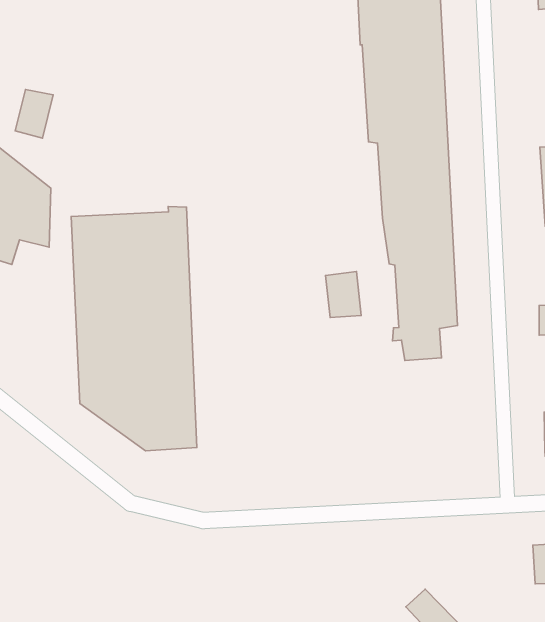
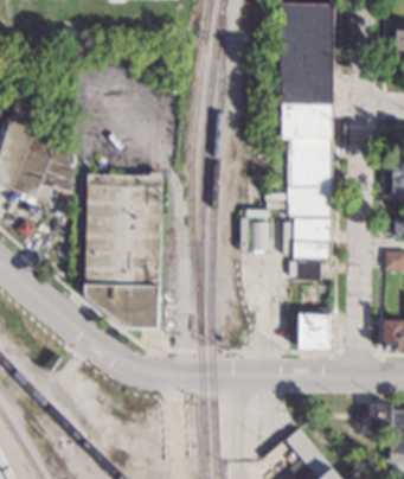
building: [15,90,53,138] -> none
building: none -> [299,313,329,349]

